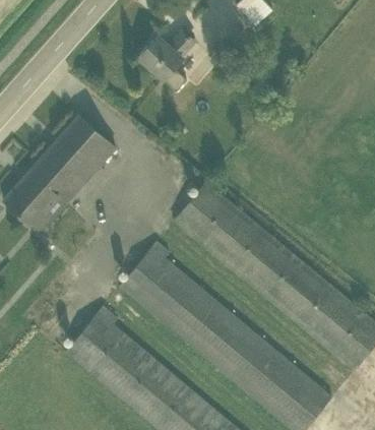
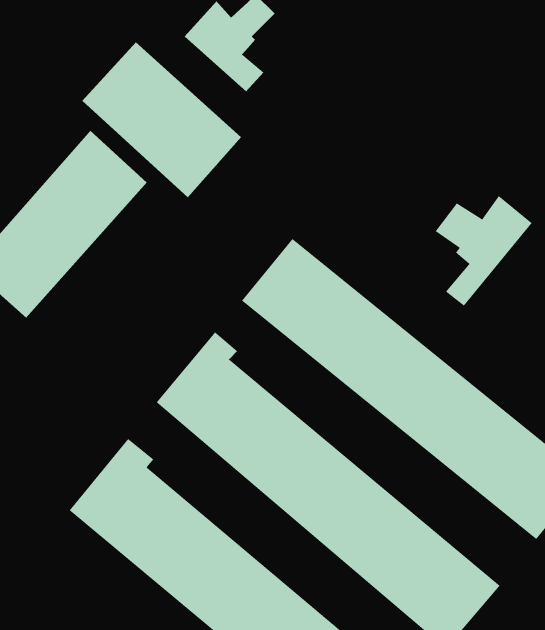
building: none -> [81,41,242,198]
building: none -> [435,195,533,307]

